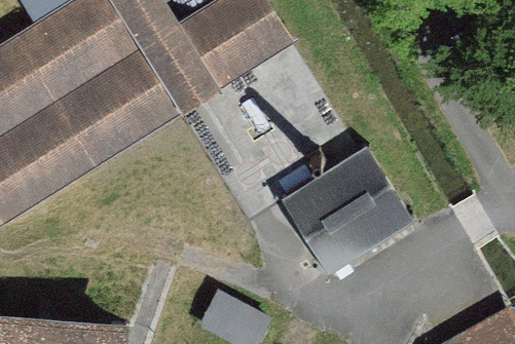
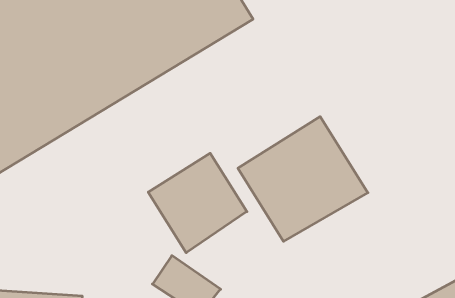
building: none -> [148,153,247,253]

